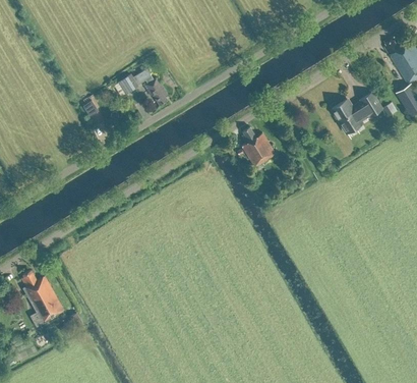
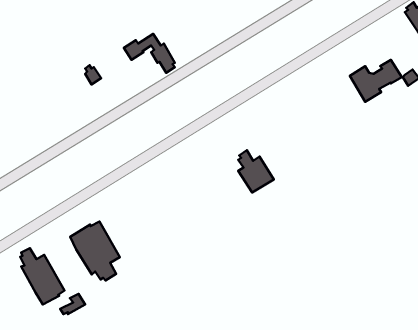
building: [241,126,275,166] -> [238,150,274,192]
building: none -> [70,222,120,280]

